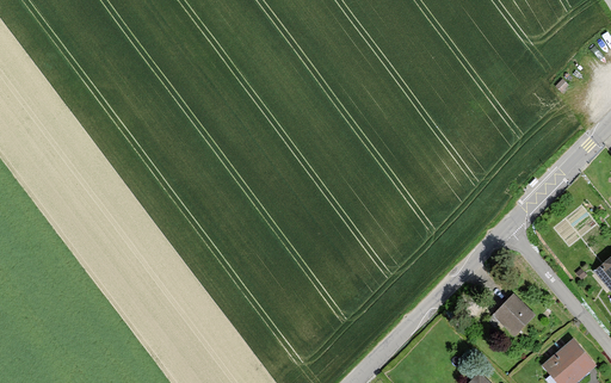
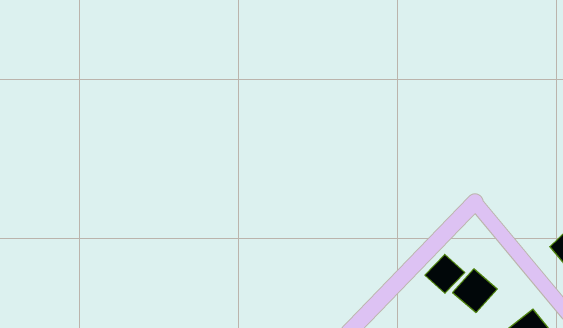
building: none -> [425,254,465,293]

